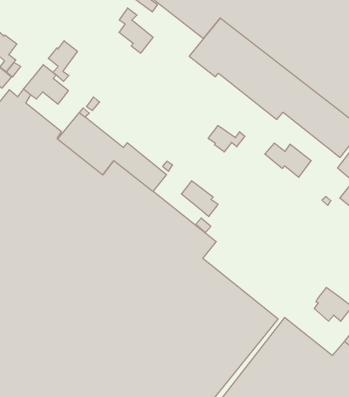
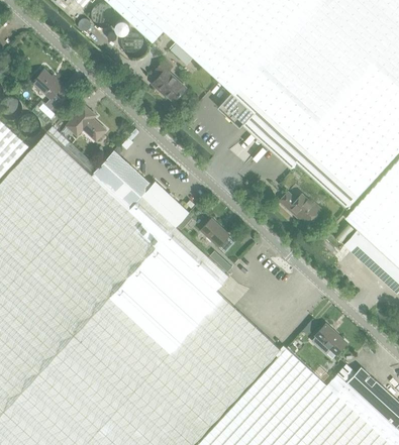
building: [48,41,77,81] -> none
building: [208,126,245,152] -> none

